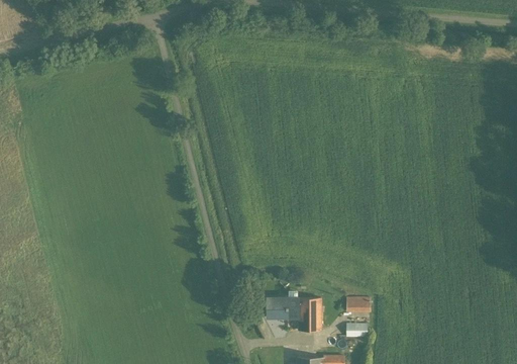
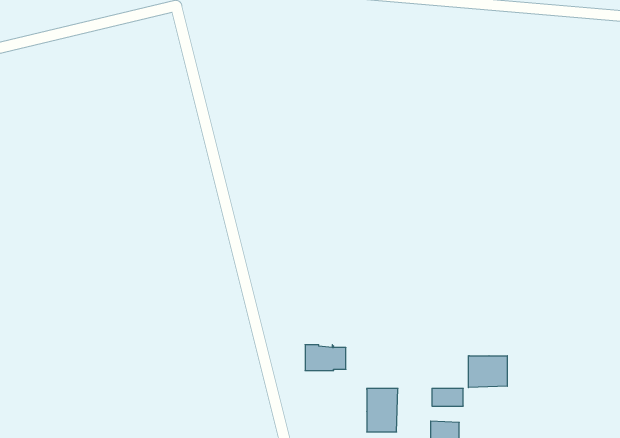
building: none -> [468,356,507,388]
building: [269,297,299,316] -> [305,345,346,371]

